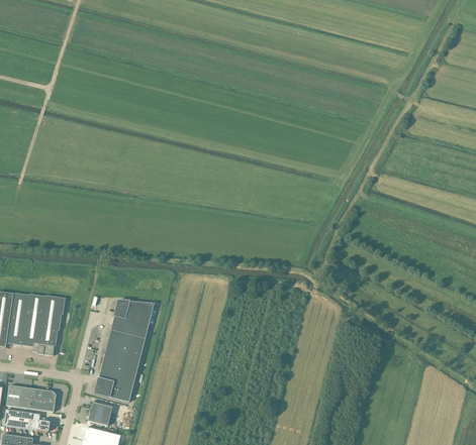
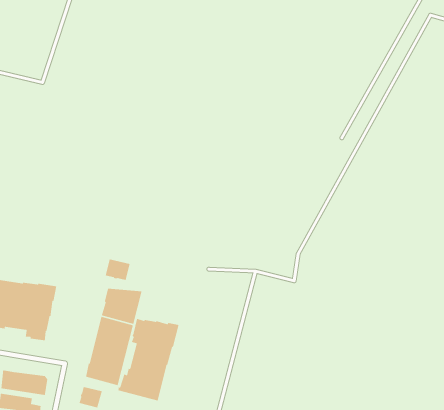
building: none -> [105,259,130,281]
building: none -> [117,318,180,402]

